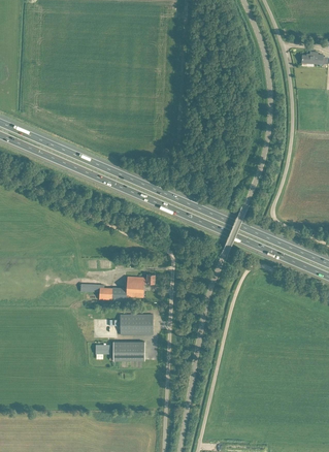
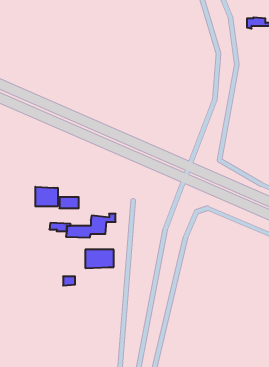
building: none -> [35,187,58,206]
building: [112,342,144,361] -> none

